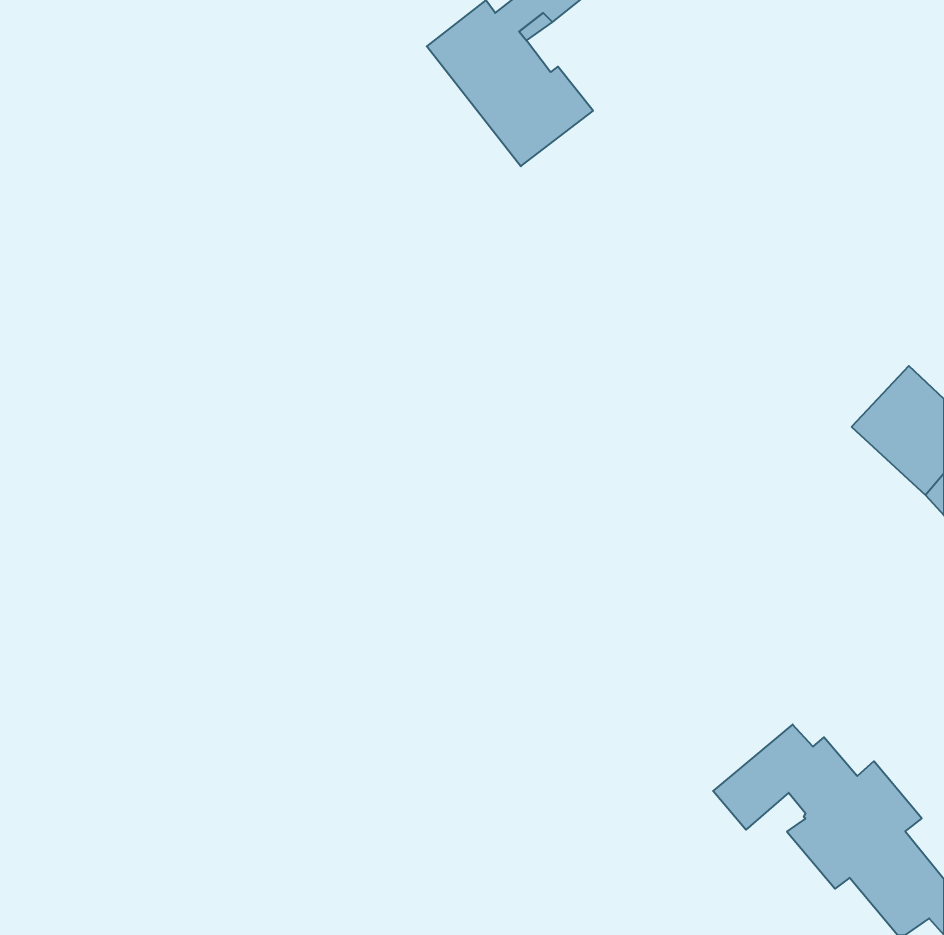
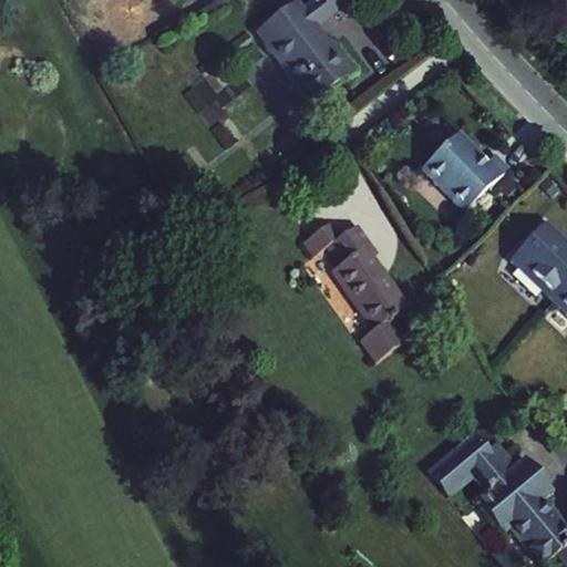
building: none -> [422,130,507,207]
building: none -> [303,220,409,360]

